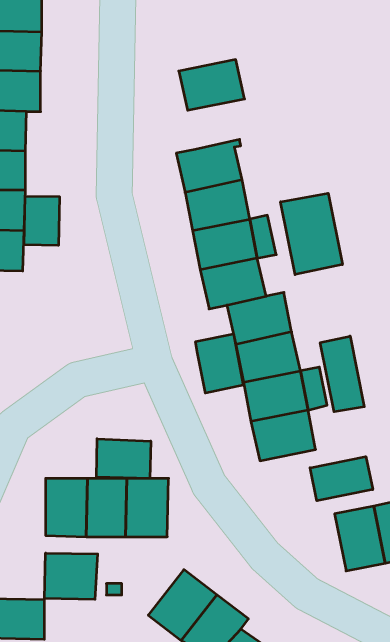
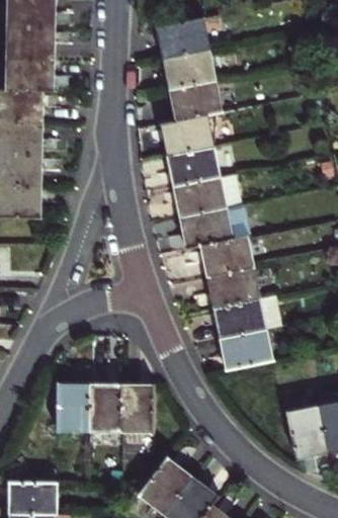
building: none -> [156,17,207,59]
building: none -> [169,81,221,121]
building: [281,193,342,275] -> none
building: [24,196,59,245] -> none
building: [196,334,243,393] -> none
building: [320,336,364,412] -> none
building: [97,439,151,478] -> none
building: [310,457,373,501] -> none
building: [45,553,98,599] -> none

